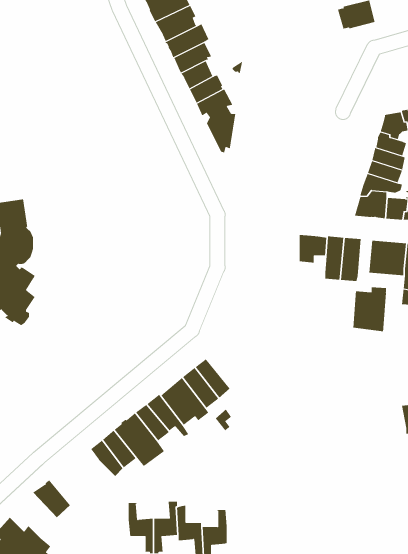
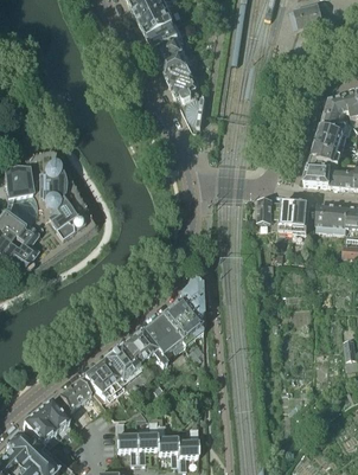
building: none -> [39,162,84,237]
building: [353,287,387,332] -> none
building: none -> [179,280,202,327]
building: none -> [57,377,90,409]
building: none -> [23,411,56,443]

